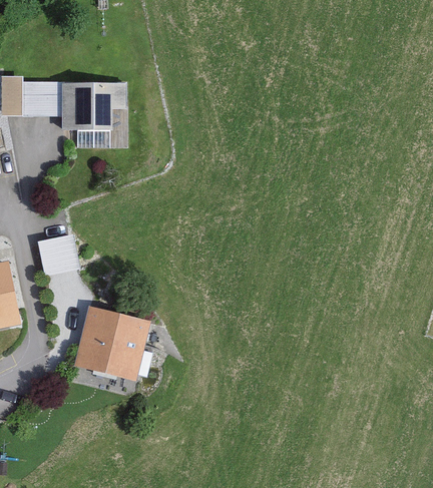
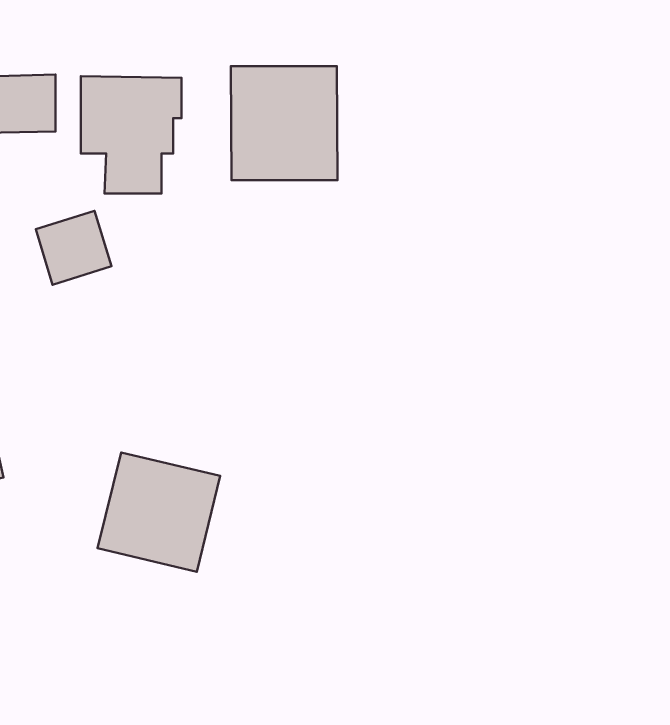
building: none -> [231,66,338,180]
building: [38,231,83,276] -> [36,211,111,285]

